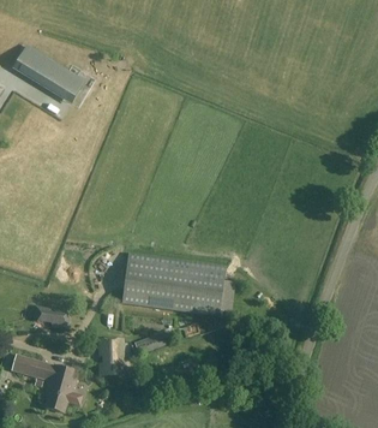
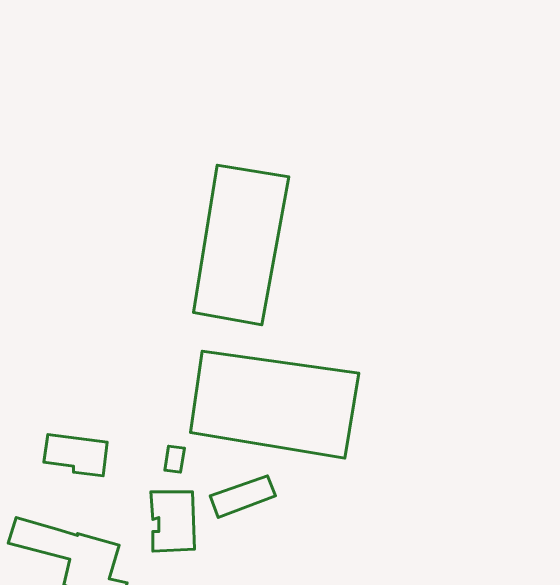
building: [13,46,85,102] -> none
building: none -> [194,165,289,325]

